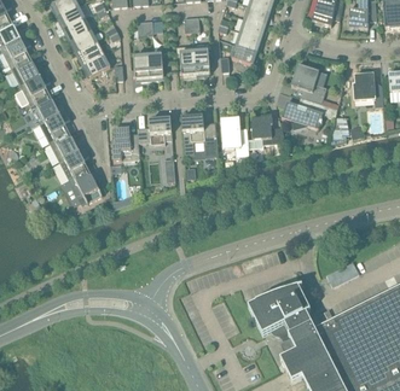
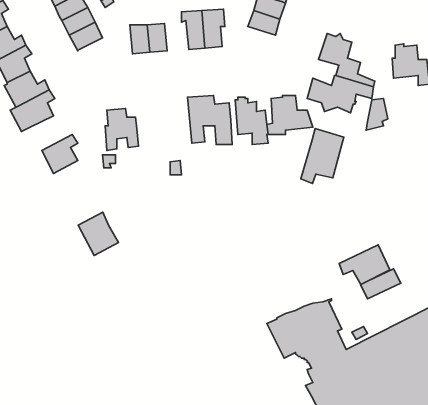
building: [137,117,172,144] -> none
building: [48,132,83,161] -> none
building: none -> [301,129,344,184]
building: [68,169,102,205] -> [78,212,119,256]
building: none -> [339,245,390,284]

